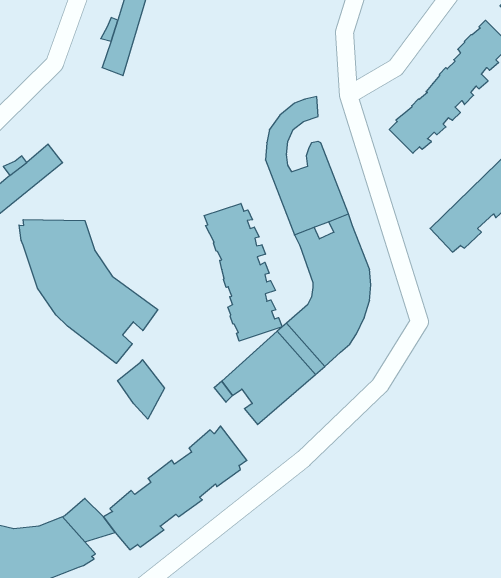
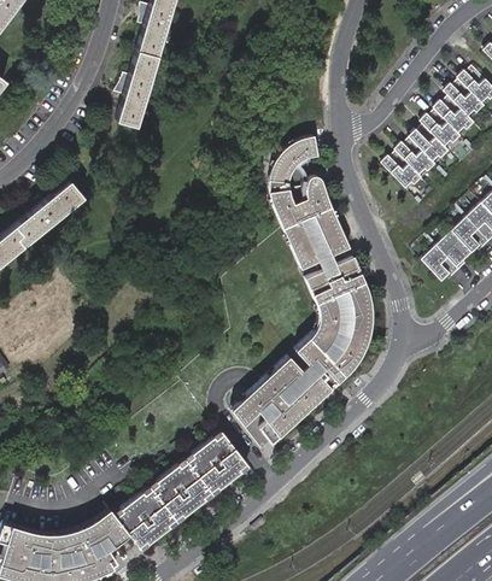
building: [204,203,282,341] -> none
building: [19,220,158,363] -> none
building: [118,360,164,419] -> none

